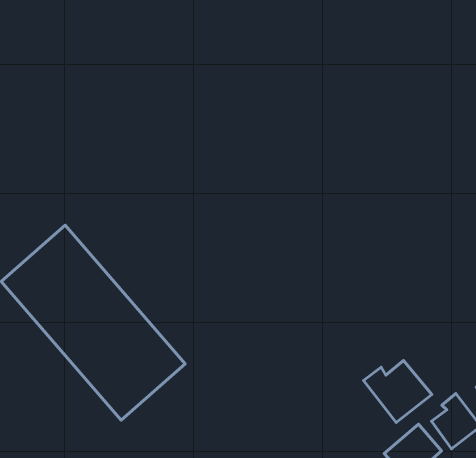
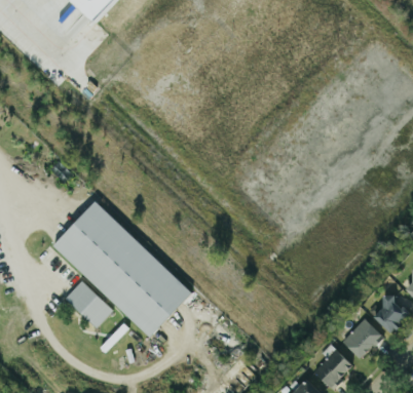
building: none -> [65,280,113,327]
building: [364,360,432,423] -> none

